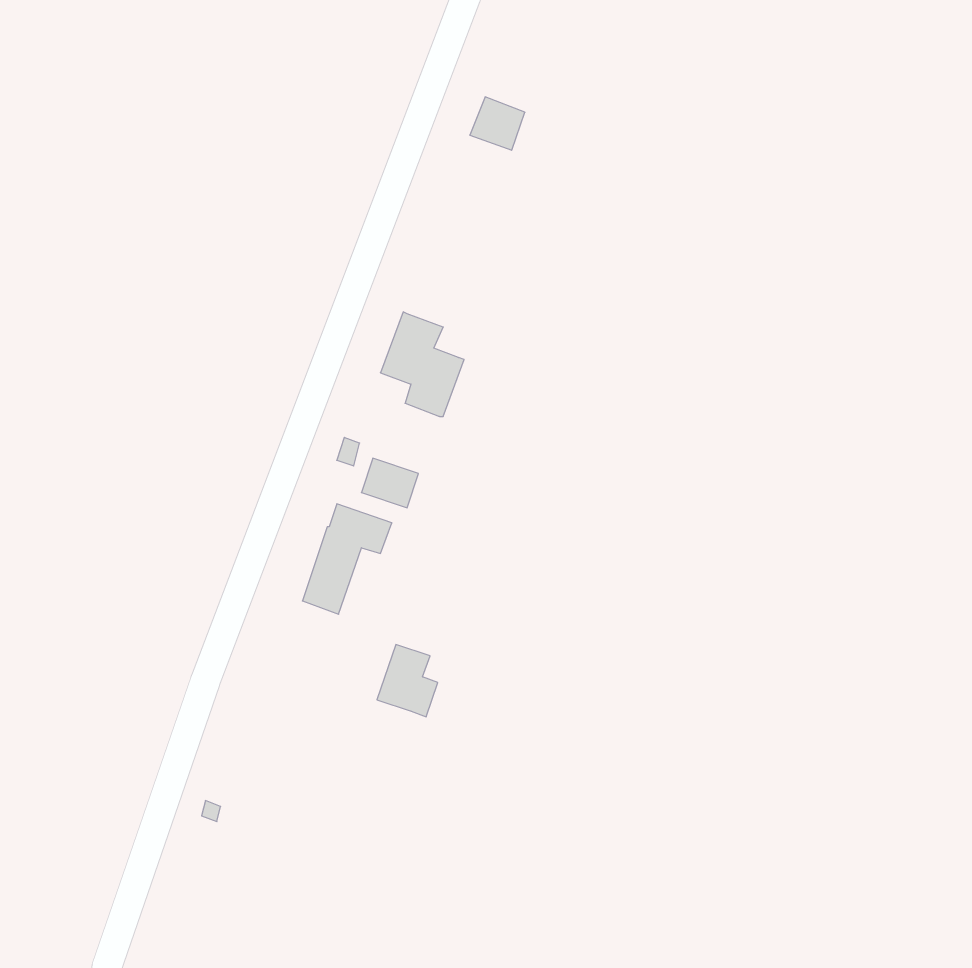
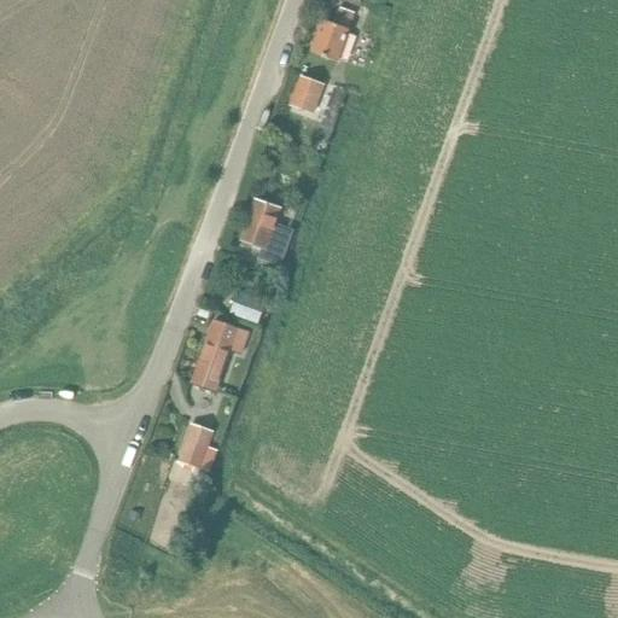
building: none -> [310,8,354,60]
building: [377,645,438,717] -> [179,424,217,470]

